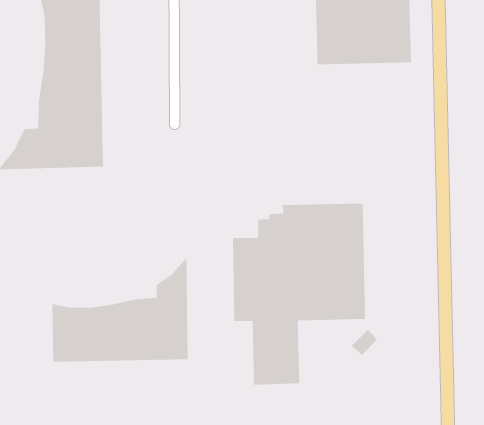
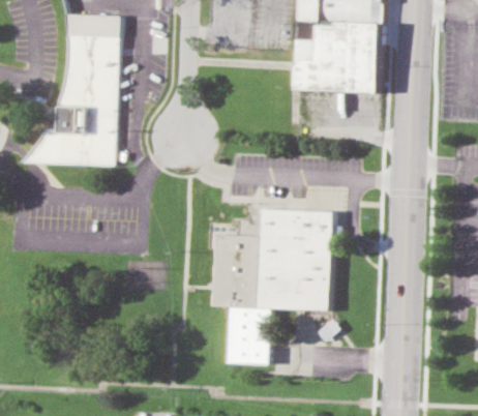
building: [51,256,189,362] -> none

